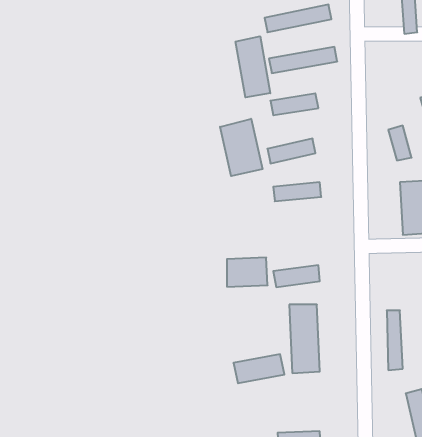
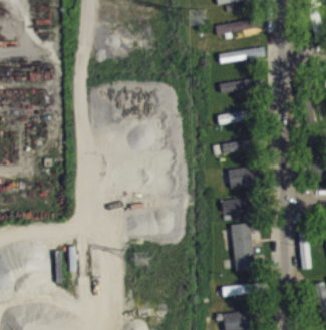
building: [236,36,270,97] -> none
building: [220,119,263,176] -> none
building: [227,258,268,287] -> [229,167,257,187]
building: [233,354,284,383] -> [221,282,256,302]

